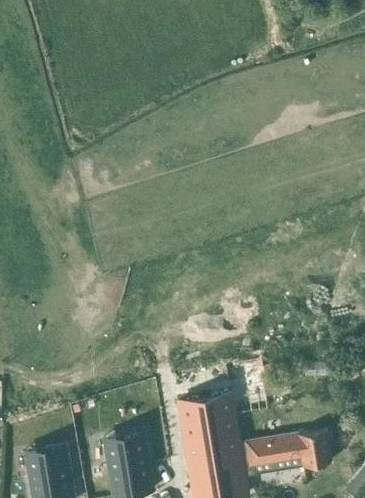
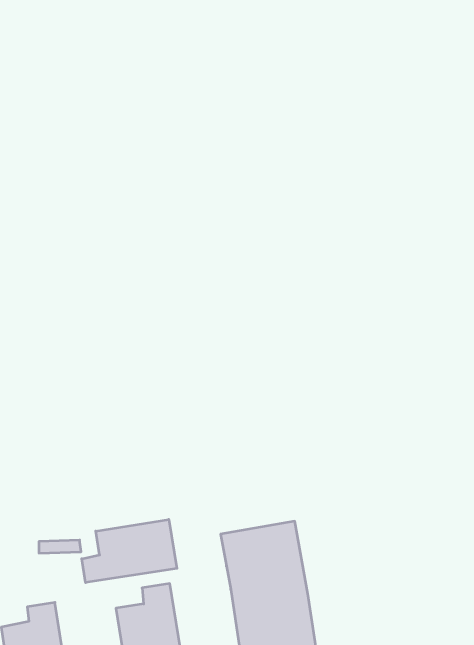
building: none -> [82,519,177,583]
building: [244,429,330,470] -> none

